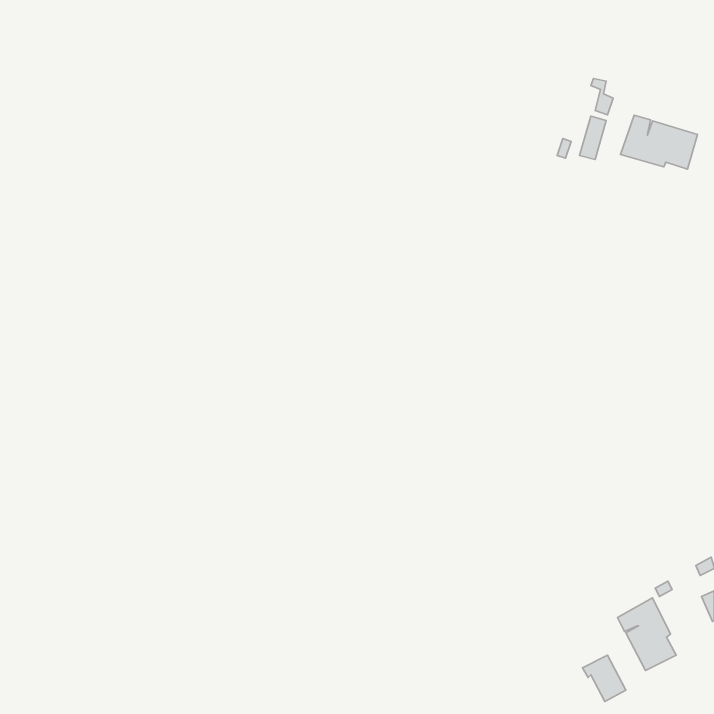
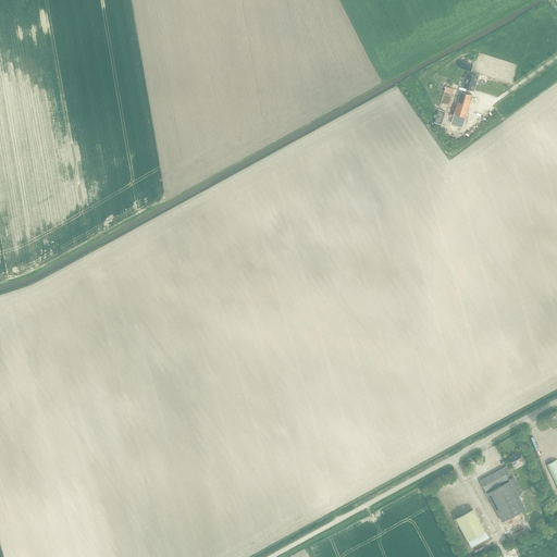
building: [621,115,697,169] -> none

